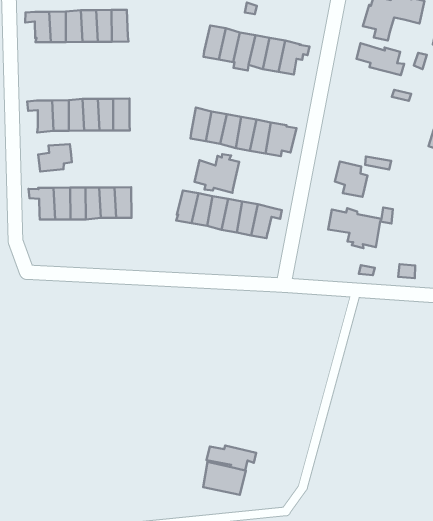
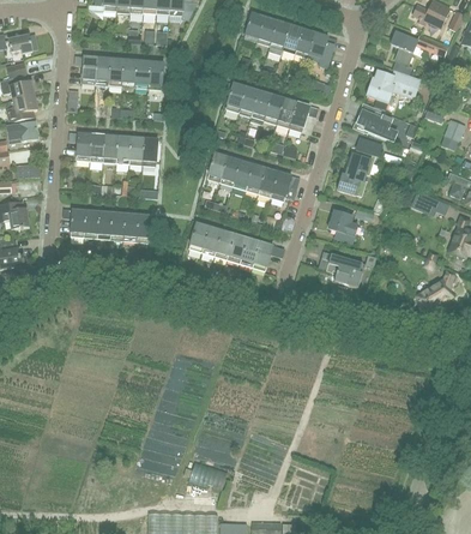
building: none -> [338,137,381,194]
building: [38,144,72,171] -> none
building: [195,154,239,193] -> none
building: [207,446,256,470] -> none

